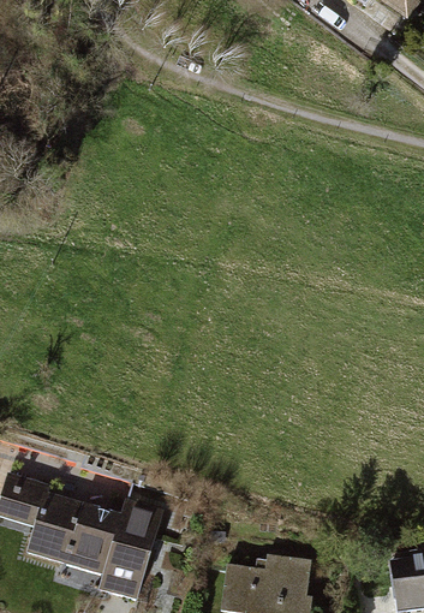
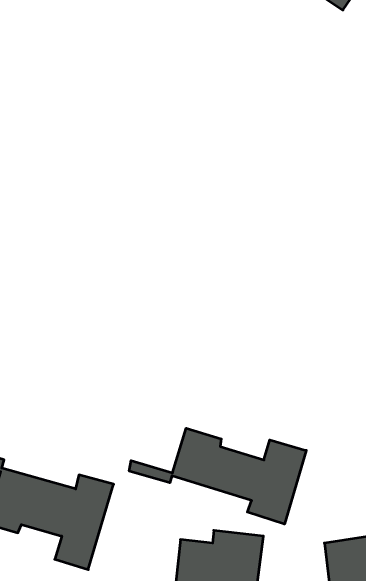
building: none -> [129,428,306,524]

